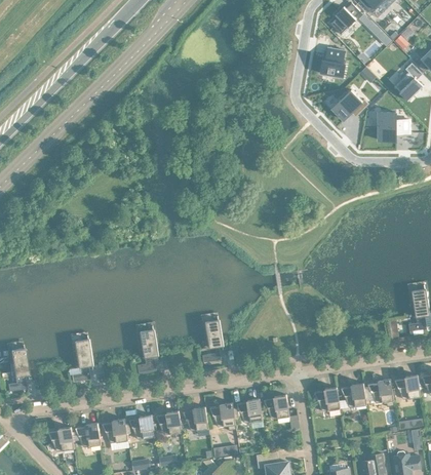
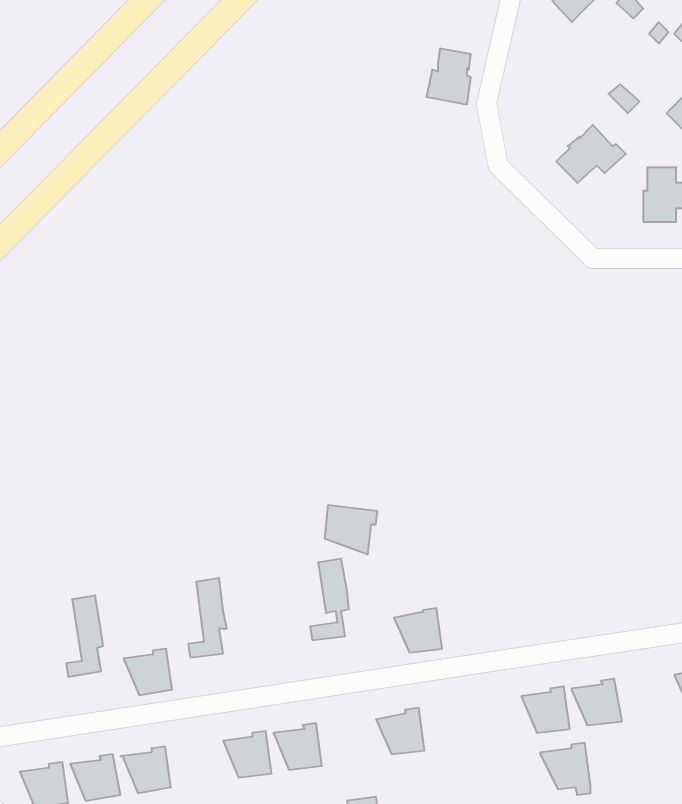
building: [321,45,345,75] -> [426,48,471,105]
building: none -> [325,505,377,555]
building: [366,378,393,405] -> [540,743,591,795]
building: [263,394,288,418] -> [394,608,442,653]
building: [208,401,235,429] -> none
building: [128,413,154,438] -> [124,649,172,695]

